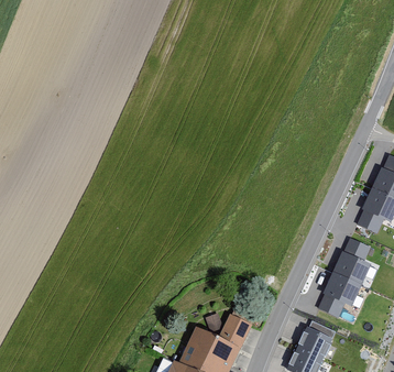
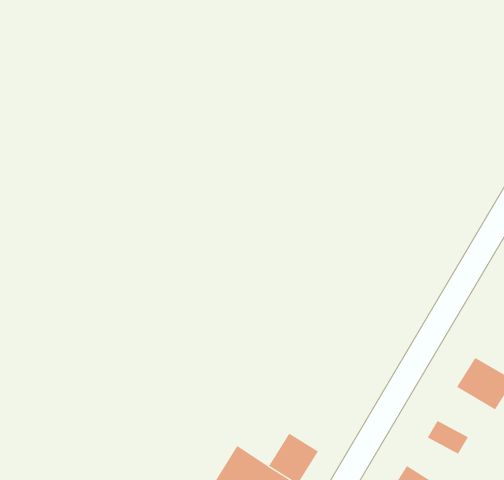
building: [324,272,361,305] -> none

